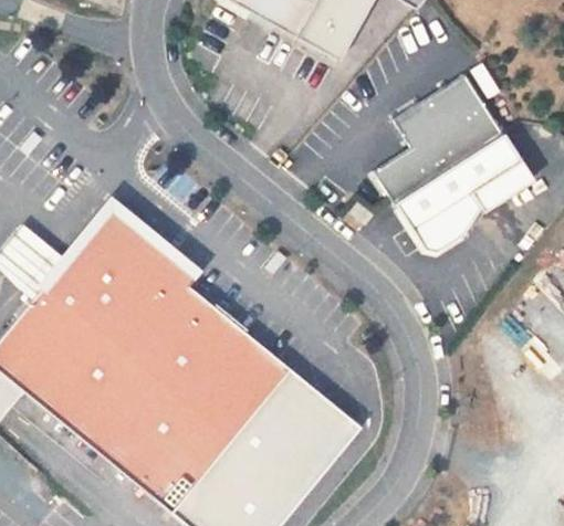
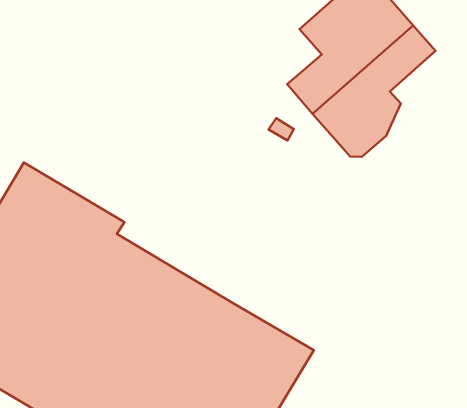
building: [474,159,536,210] -> none

